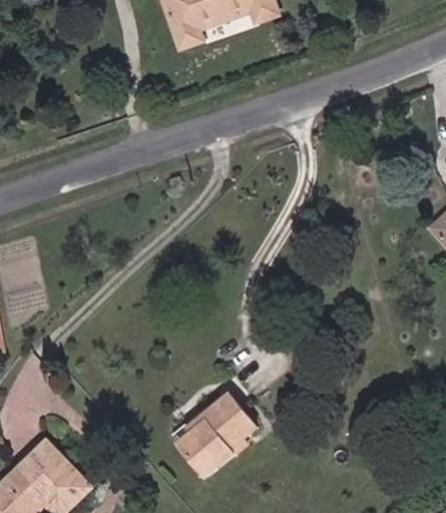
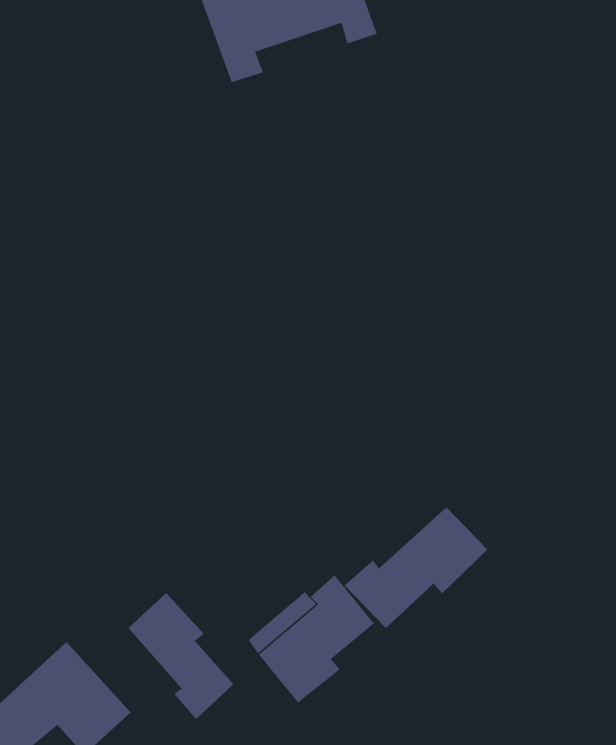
building: none -> [344,506,488,629]
building: none -> [128,592,234,720]

